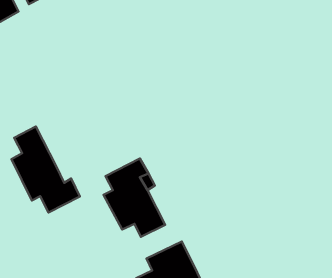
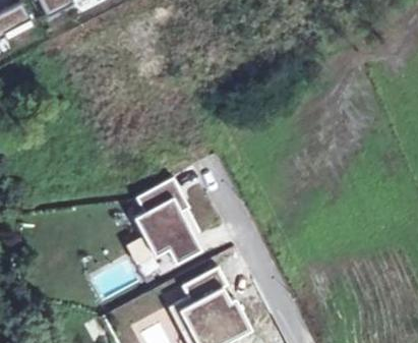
building: [12,126,80,213] -> none

